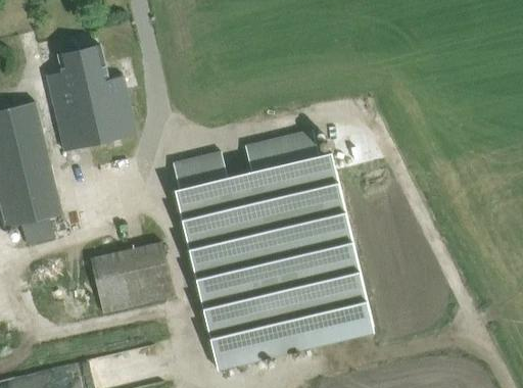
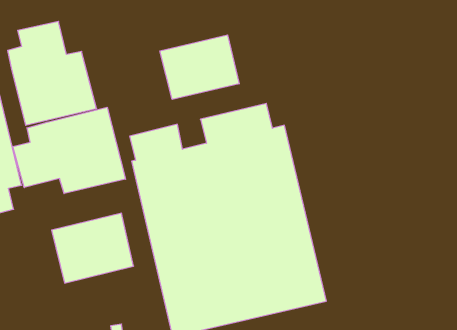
building: none -> [160,35,239,99]
building: none -> [13,107,126,194]

